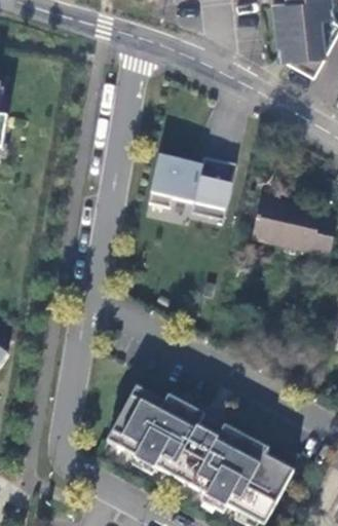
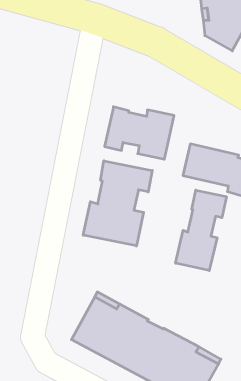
building: none -> [83,161,152,246]
building: none -> [176,190,226,271]

